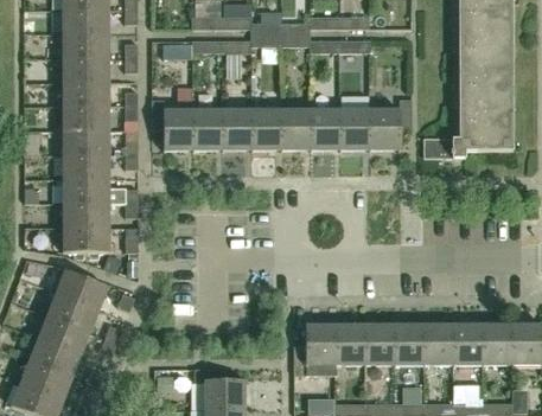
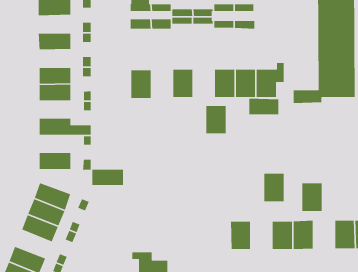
building: [62,32,109,57] -> none
building: [63,81,109,105] -> none
building: [152,98,193,151] -> none
building: [223,108,253,151] -> none
building: [282,108,312,149] -> [206,105,226,134]
building: none -> [248,98,279,115]
building: [63,154,109,178] -> none
building: [63,203,109,226] -> [91,169,124,186]
building: [453,322,483,364] -> [302,183,322,212]
building: [294,324,336,375] -> none
building: [364,324,394,365] -> [263,173,284,202]
building: [28,337,82,377] -> none

